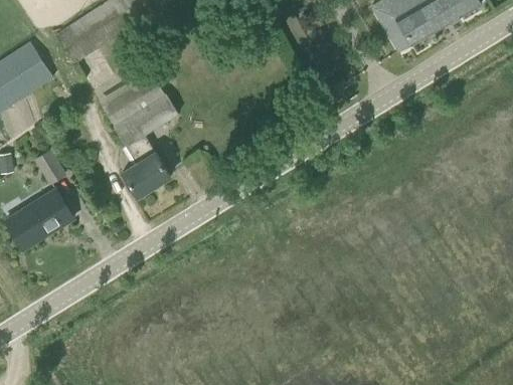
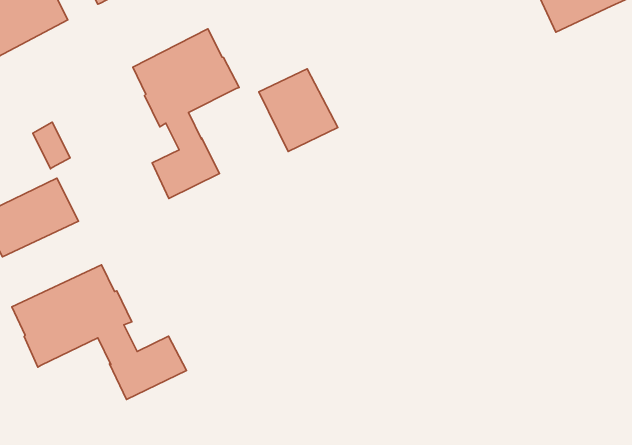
building: none -> [259,69,338,152]
building: none -> [12,265,187,400]

